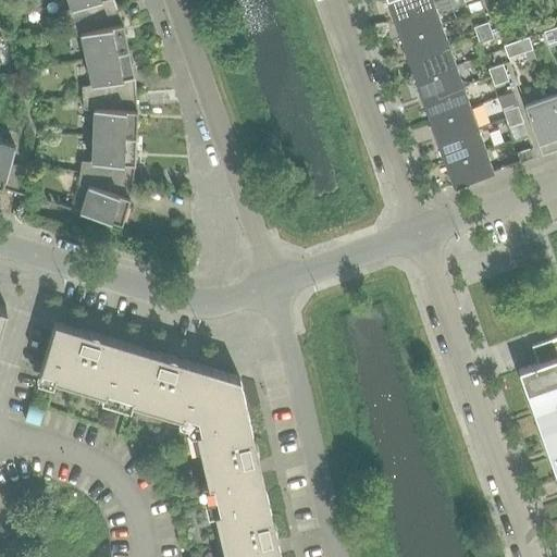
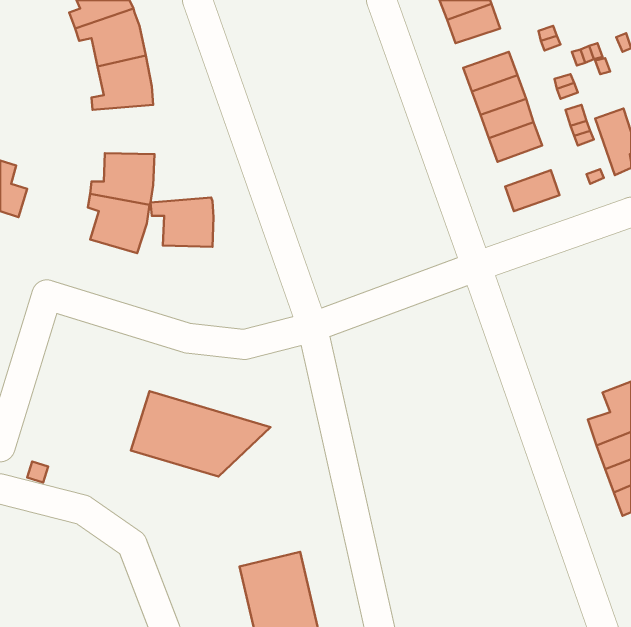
building: [401,28,448,63] -> none
building: [82,96,137,139] -> [151,197,214,247]
building: [438,132,485,168] -> none
building: [39,324,132,400] -> none
building: [193,380,264,503] -> none

